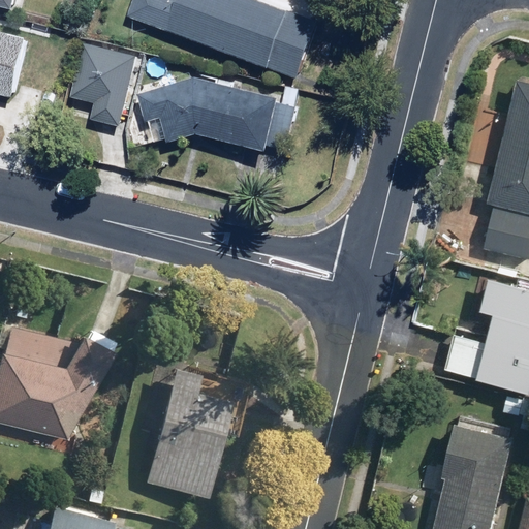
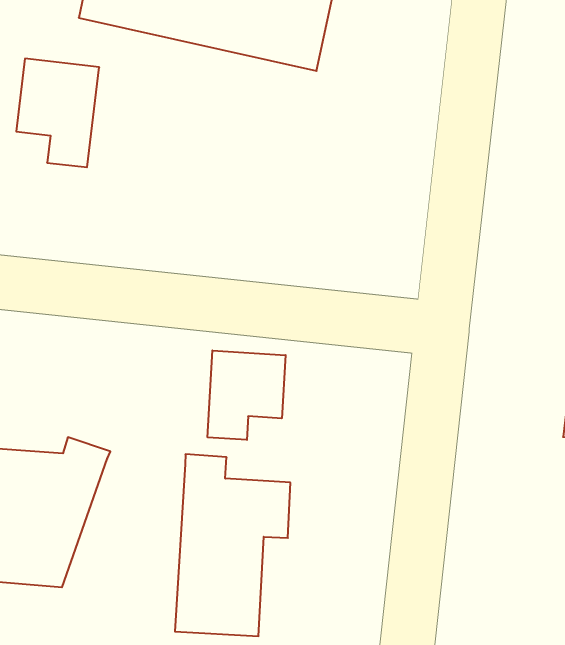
building: [136,77,281,158] -> none
building: none -> [208,350,286,440]

